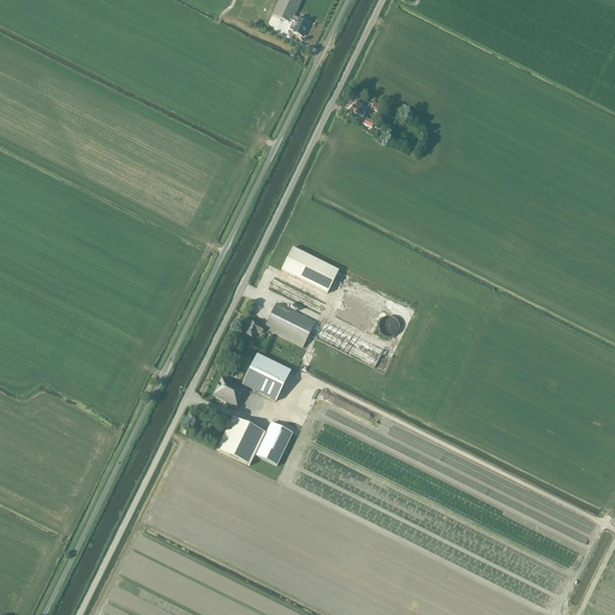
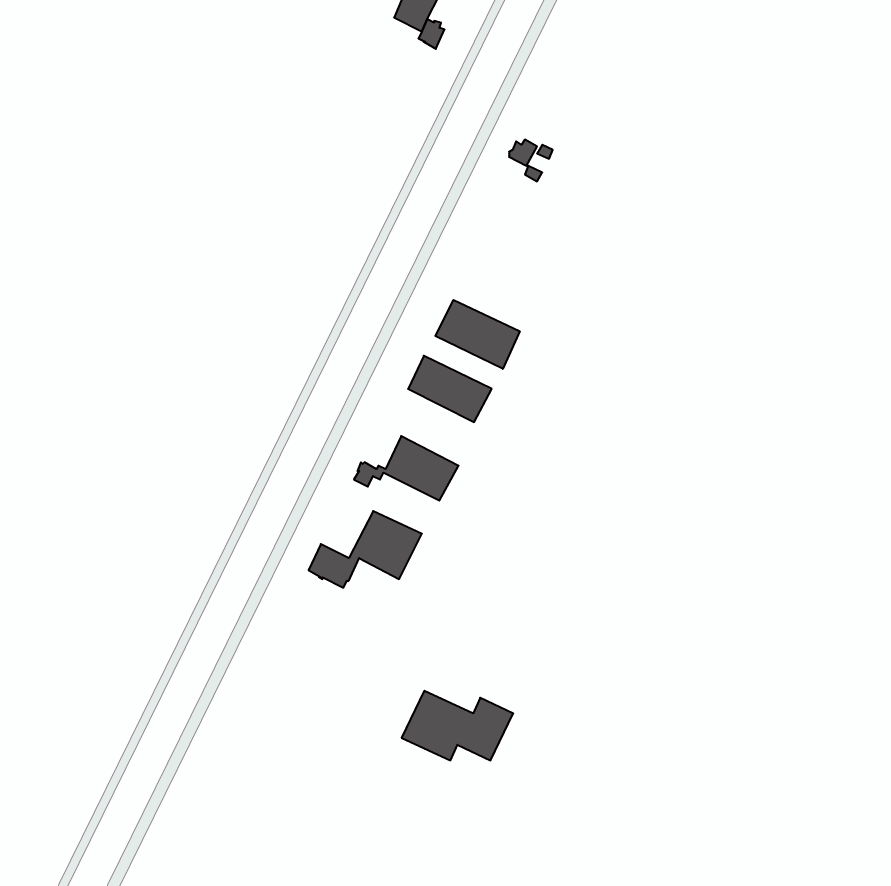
building: none -> [435,300,520,369]
building: [216,416,293,464] -> [402,691,513,760]

